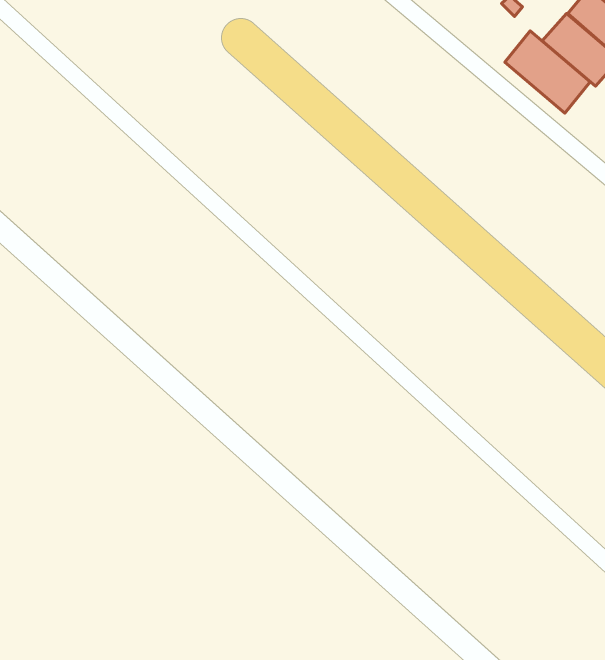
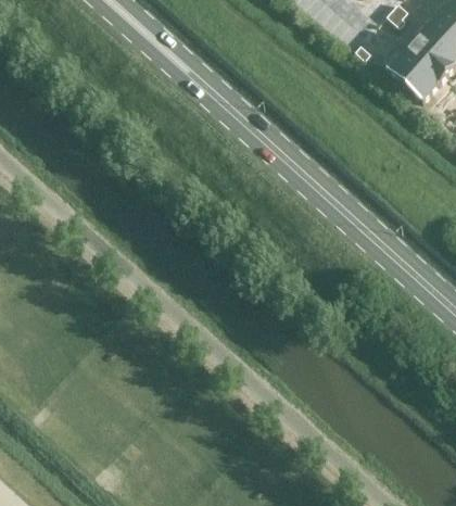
building: [505,31,590,113] -> none

